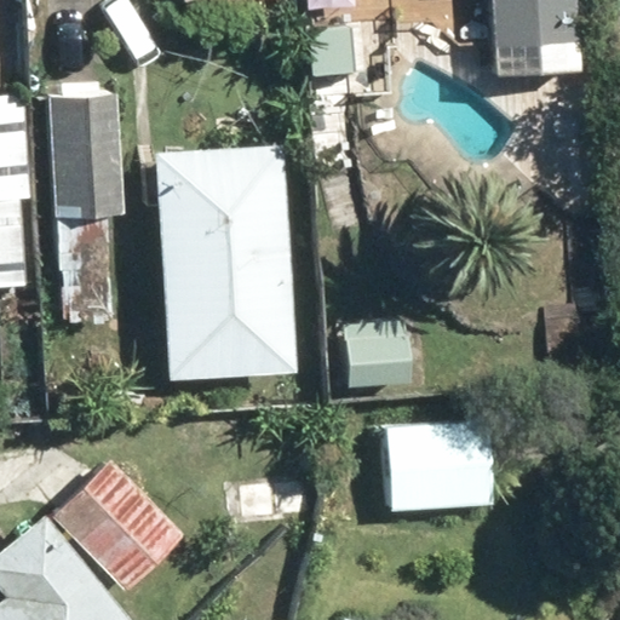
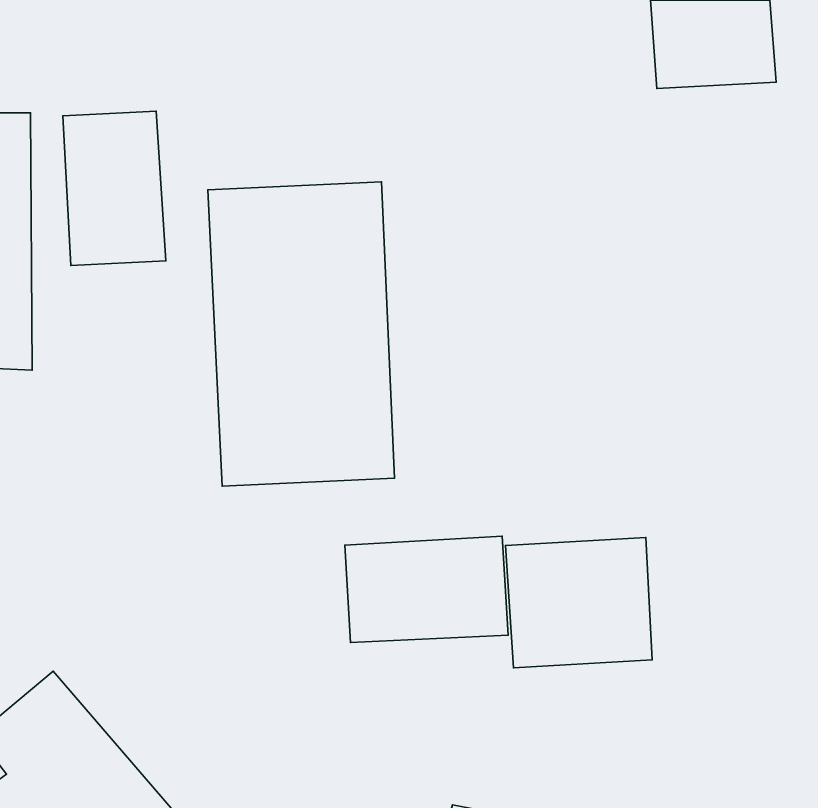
building: none -> [345,536,508,643]
building: [48,460,178,591] -> none

